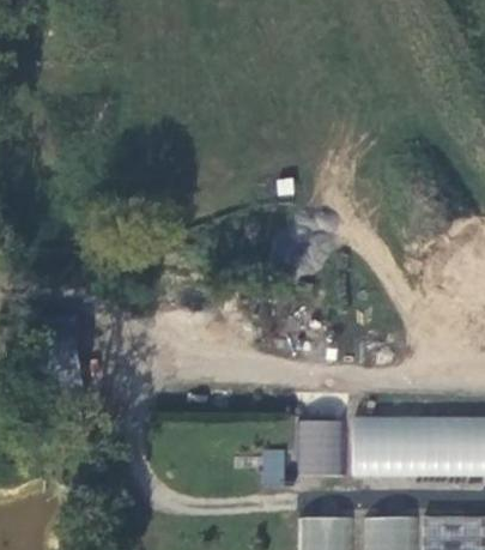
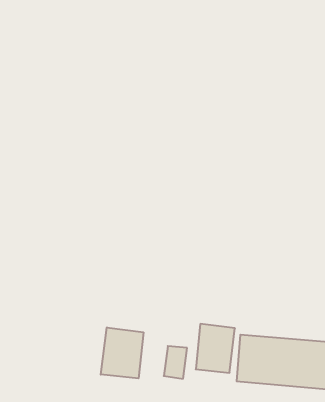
building: none -> [101,327,143,378]

